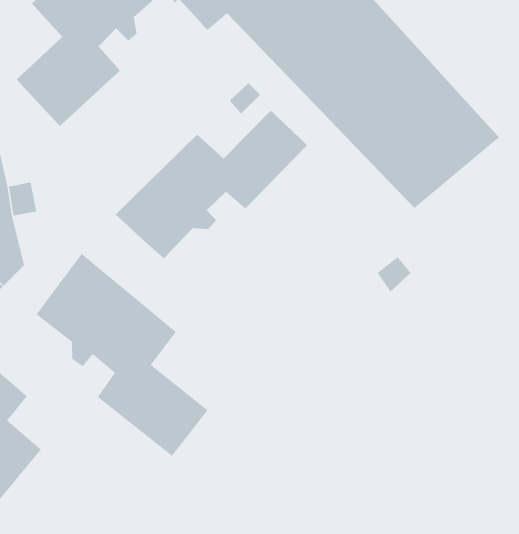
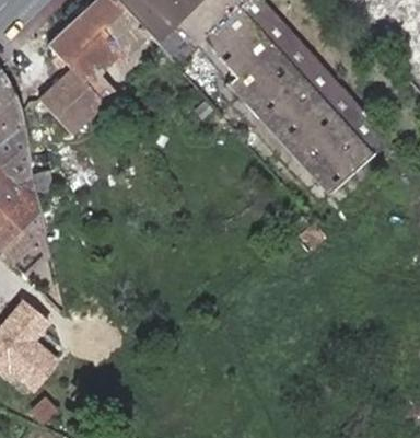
building: [115,110,308,259] -> none
building: [36,253,209,457] -> none

